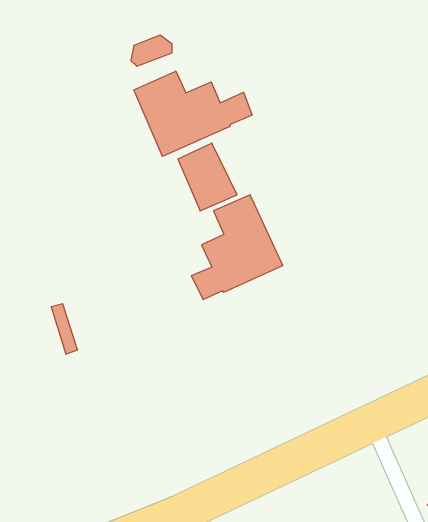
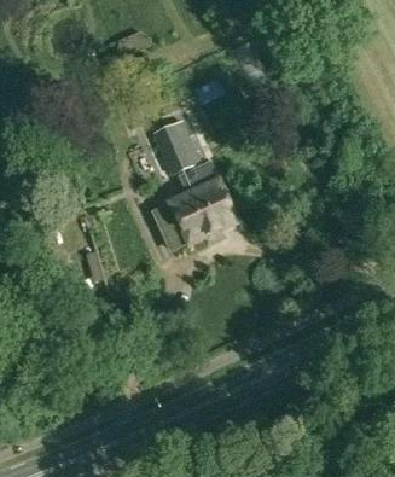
building: [134,71,252,156] -> none

